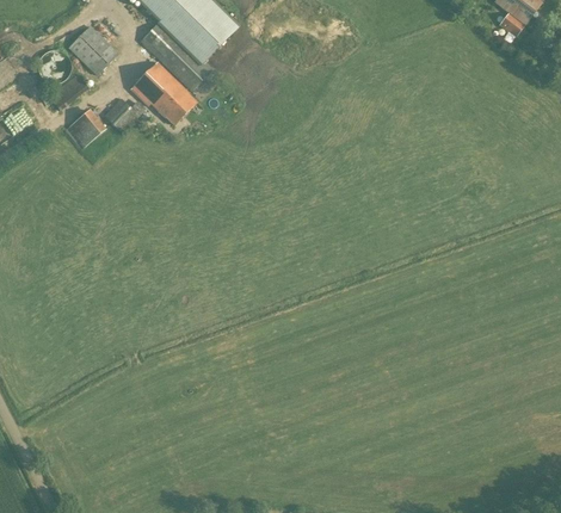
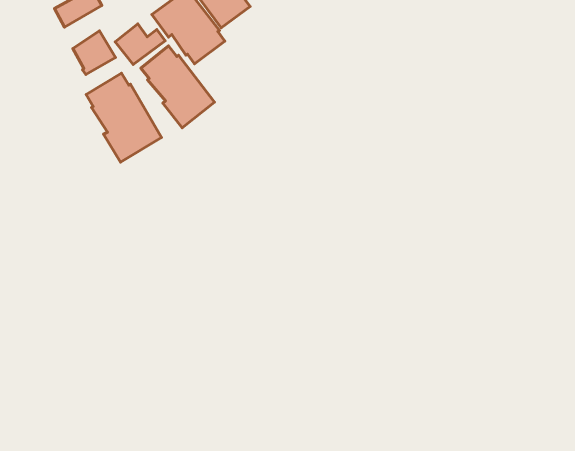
building: none -> [141,46,214,128]
building: none -> [86,73,161,162]

